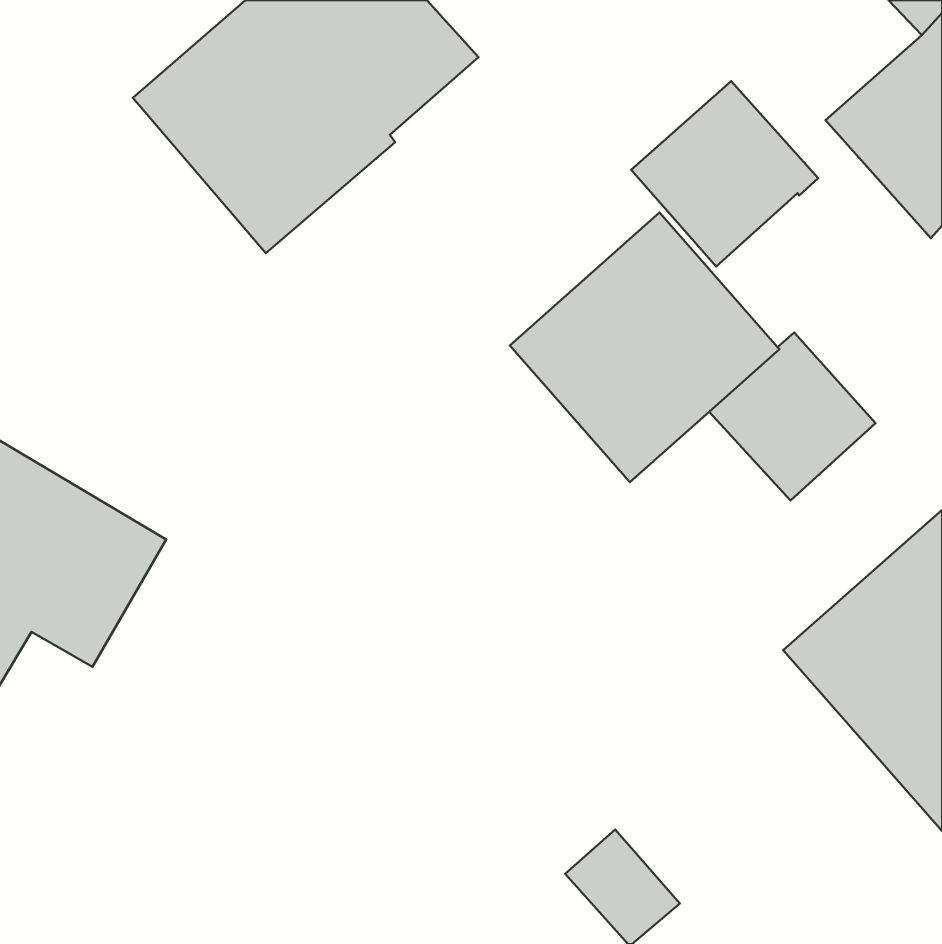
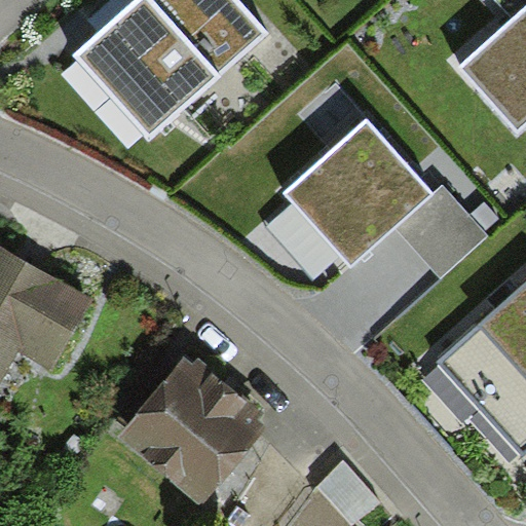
building: [631,81,818,266] -> none
building: none -> [117,356,266,506]

